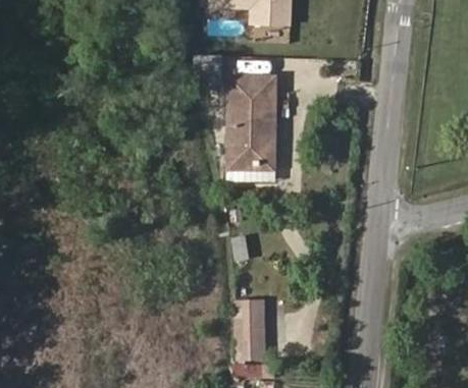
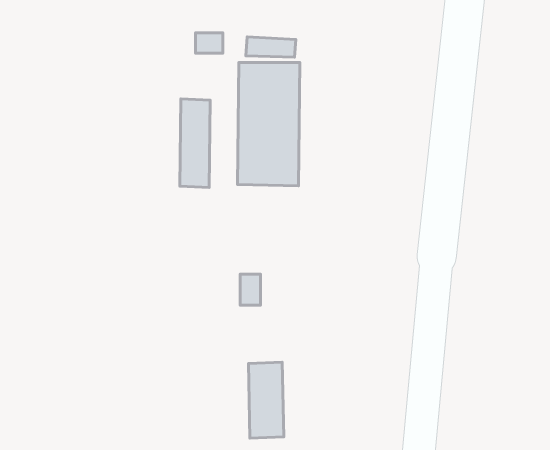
building: none -> [180,99,210,187]

